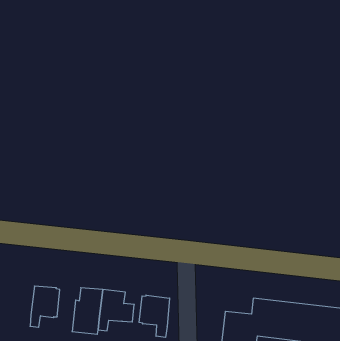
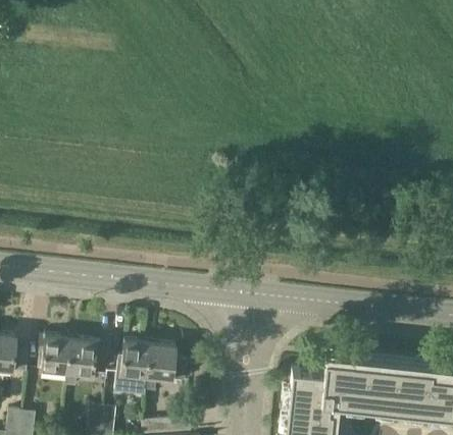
building: none -> [38,335,70,374]
building: [139,295,170,337] -> none

